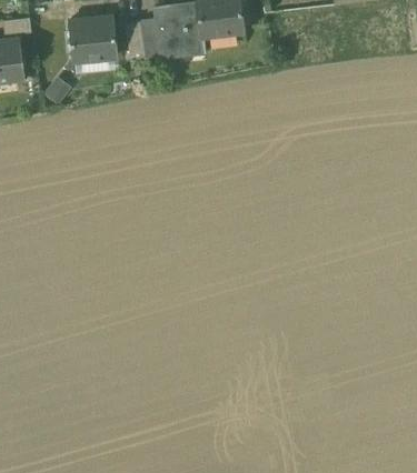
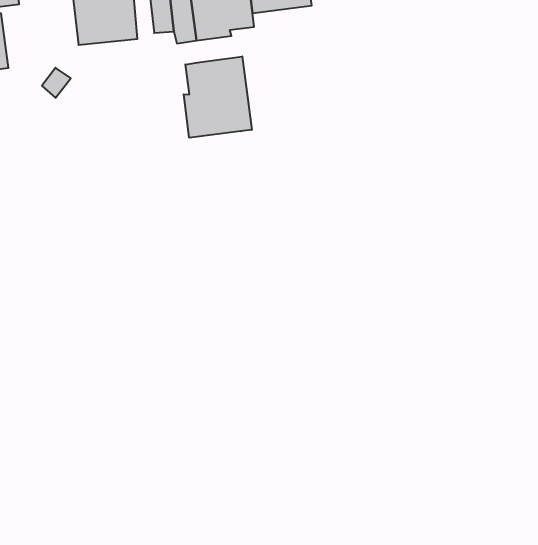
building: none -> [184,56,252,138]

